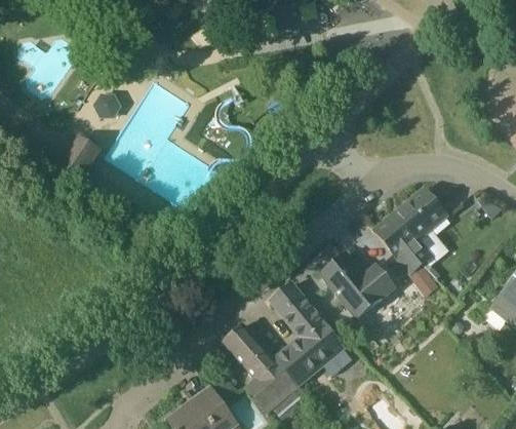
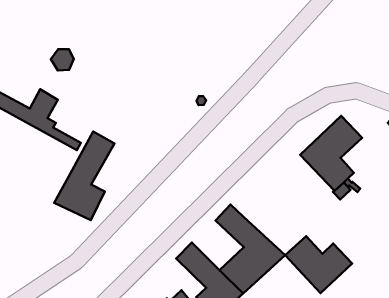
building: none -> [54,132,115,220]
building: [319,252,396,319] -> [285,236,352,293]

